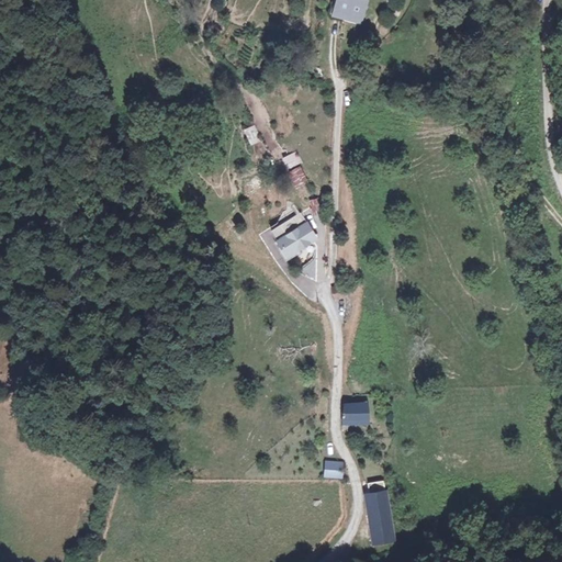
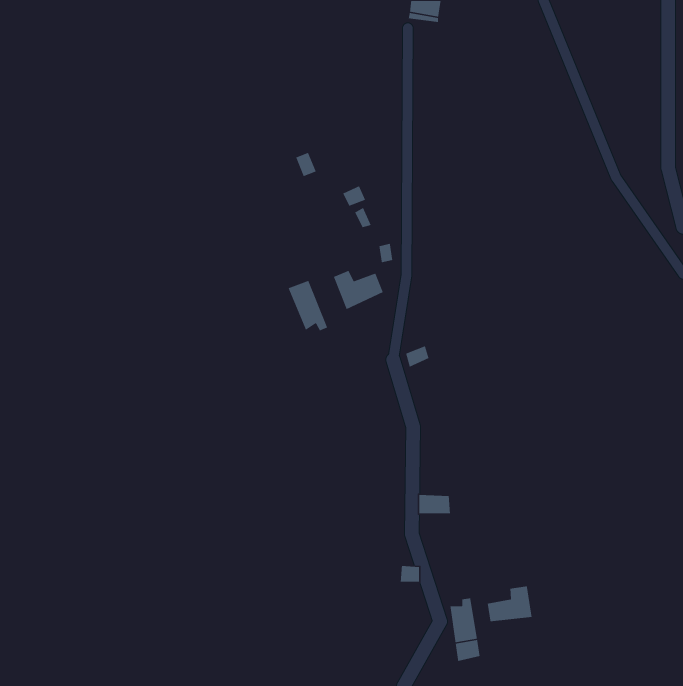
building: none -> [288,280,328,331]
building: none -> [487,586,533,622]

